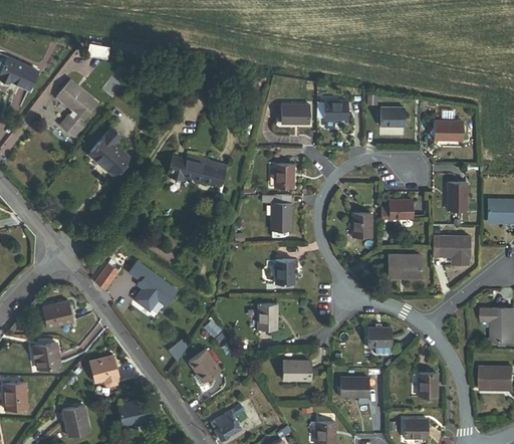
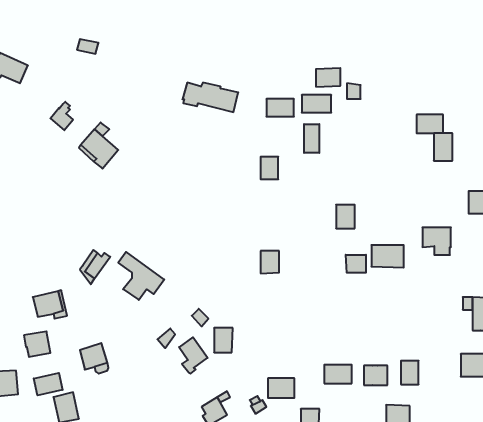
building: [57,80,98,120] -> none
building: [379,106,405,126] -> [316,68,340,87]
building: none -> [304,124,319,153]
building: [168,155,225,185] -> [182,83,238,112]
building: [448,182,467,210] -> [434,133,452,161]
building: [272,195,290,230] -> none
building: [389,199,413,218] -> none
building: none -> [346,255,366,273]
building: [258,303,277,328] -> [214,328,233,352]
building: [367,326,392,347] -> [364,366,387,385]
building: [283,360,310,380] -> [268,378,294,398]
building: none -> [34,373,63,395]
building: [119,399,152,424] -> none

